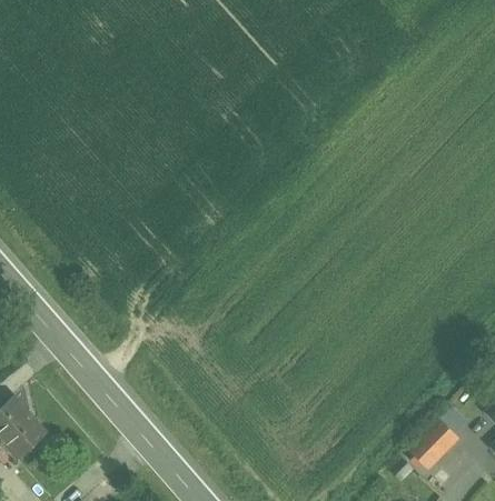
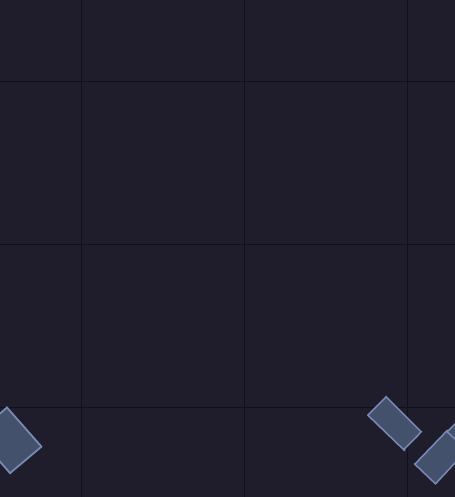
building: none -> [368,397,421,450]

